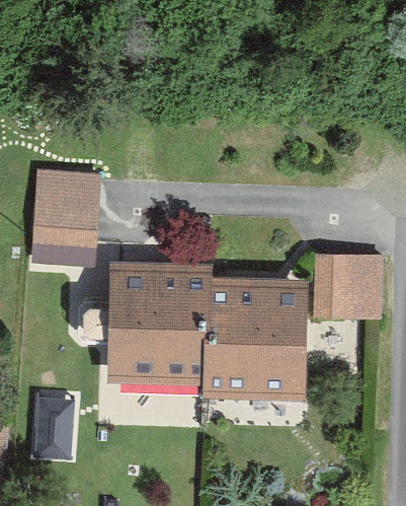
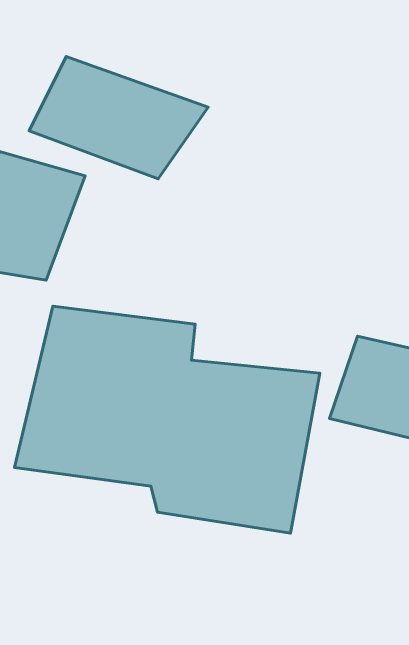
building: none -> [29,56,208,179]

